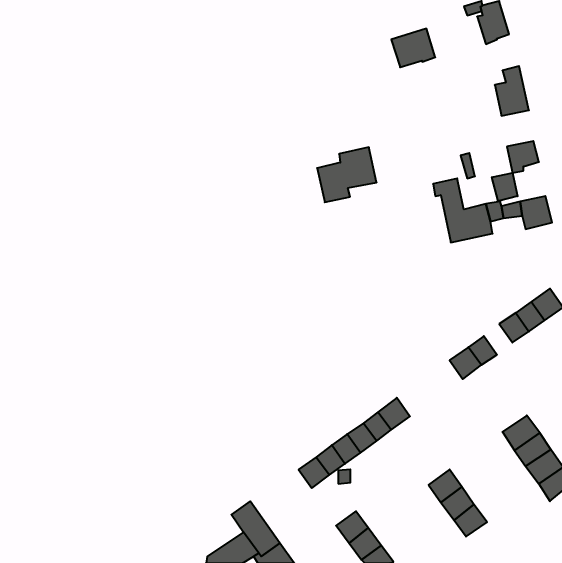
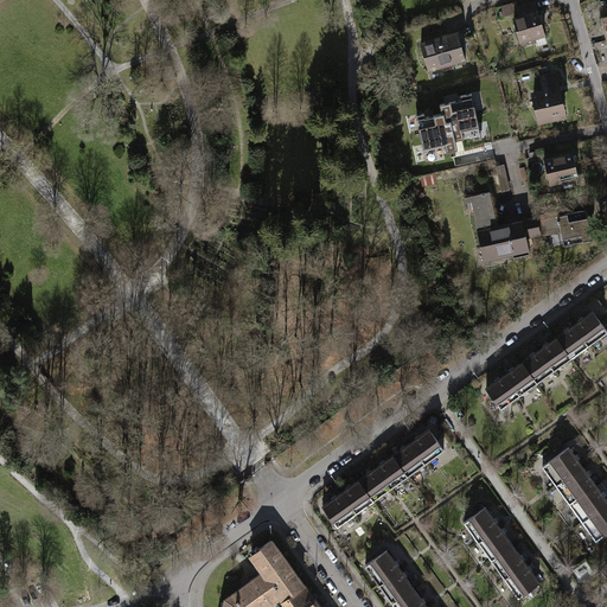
building: [317,147,377,202] -> [418,97,483,156]
building: [492,173,518,201] -> none
building: none -> [522,349,552,382]
building: none -> [503,562,538,596]

